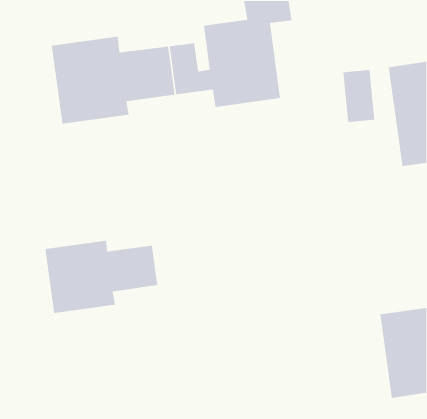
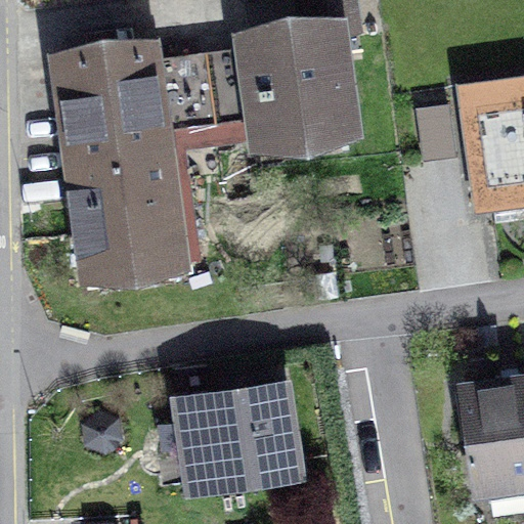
building: none -> [76,150,176,289]
building: [44,240,158,314] -> none
building: none -> [176,395,295,493]

